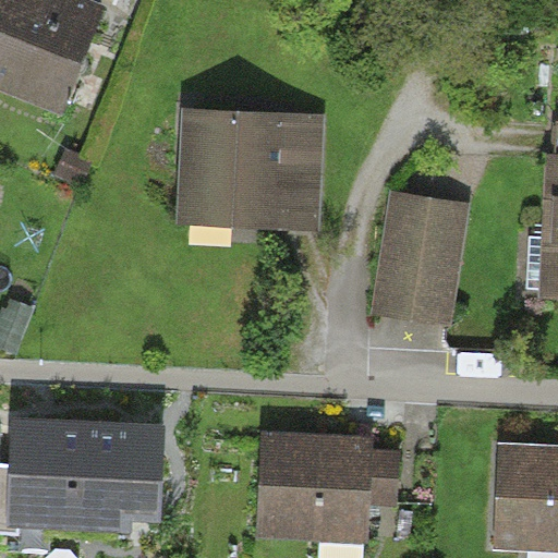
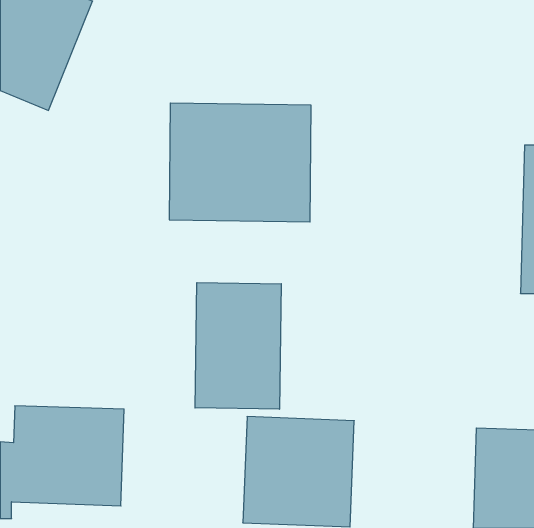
building: [374,194,470,320] -> none
building: none -> [195,283,281,409]

